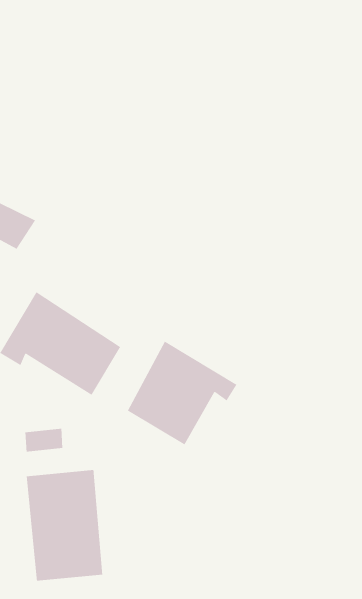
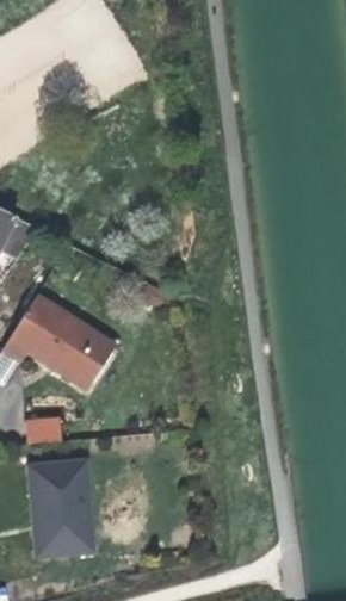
building: [127,341,238,446] -> none

